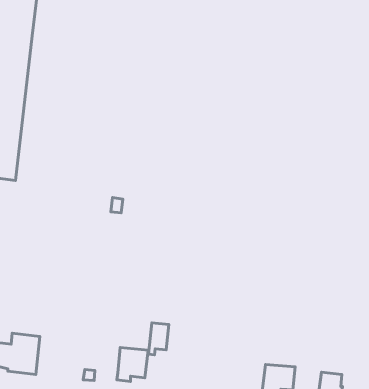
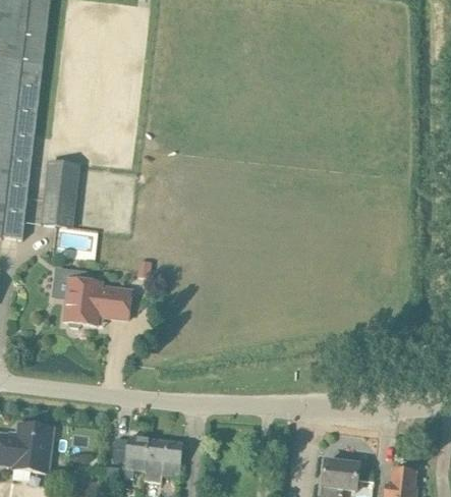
building: none -> [40,166,77,226]
building: none -> [51,266,130,326]
building: [148,323,169,355] -> [123,437,148,476]

